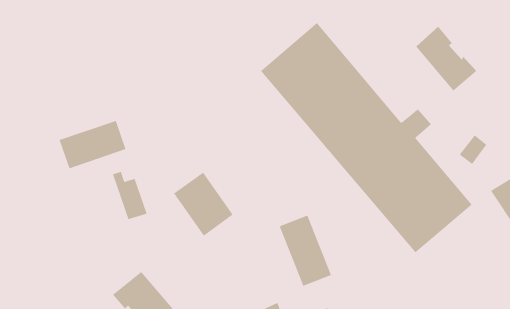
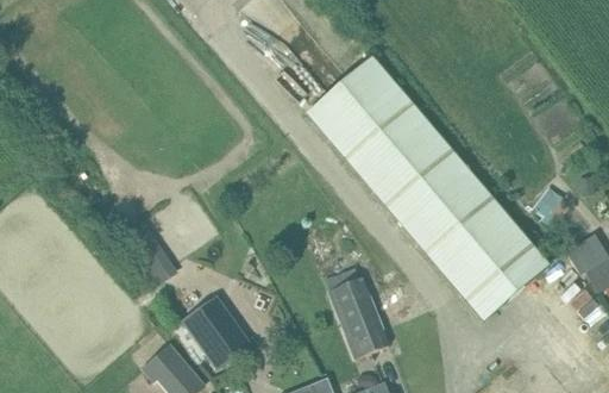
building: [415,26,477,91] -> none
building: [59,120,126,169] -> none
building: [173,172,234,236] -> [181,295,250,369]

